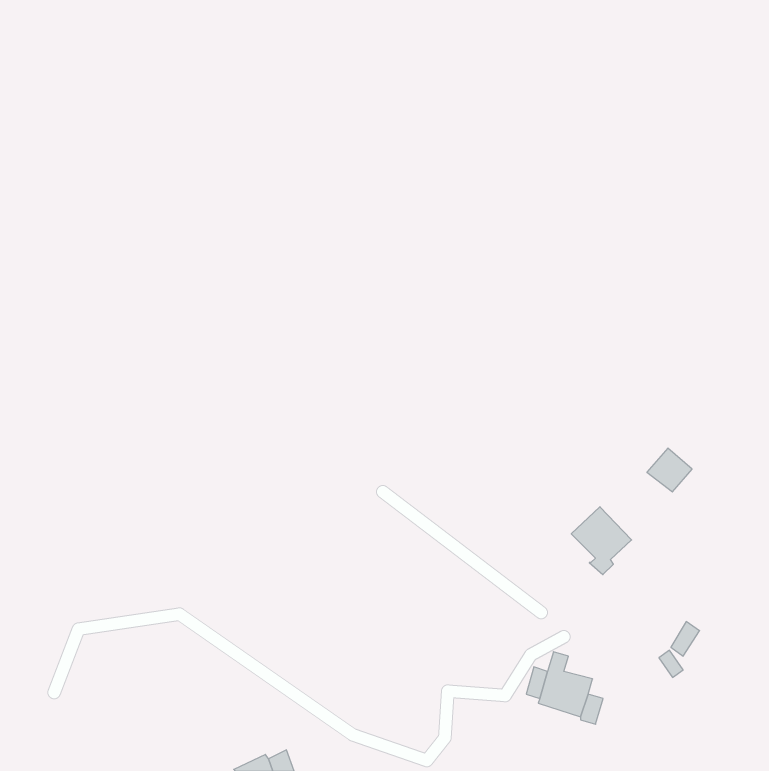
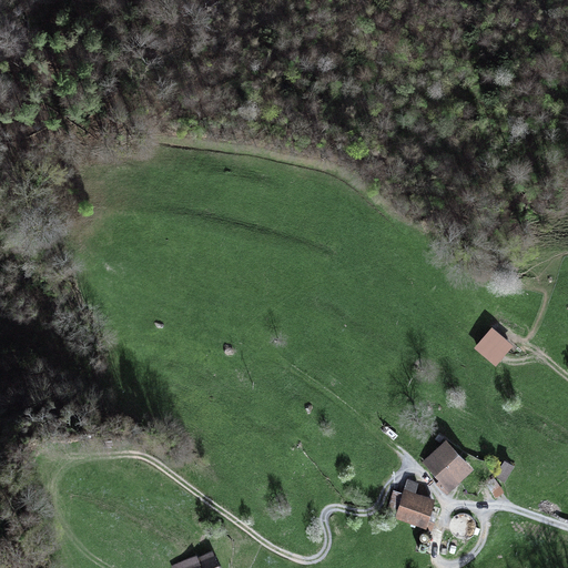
building: [571,507,632,575] -> [423,443,467,493]

